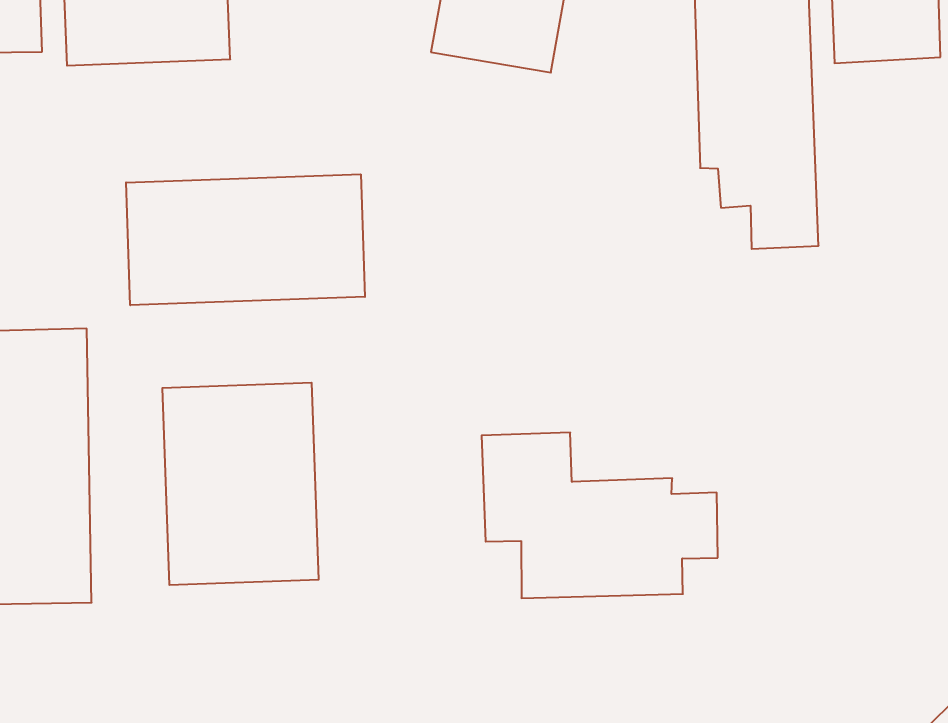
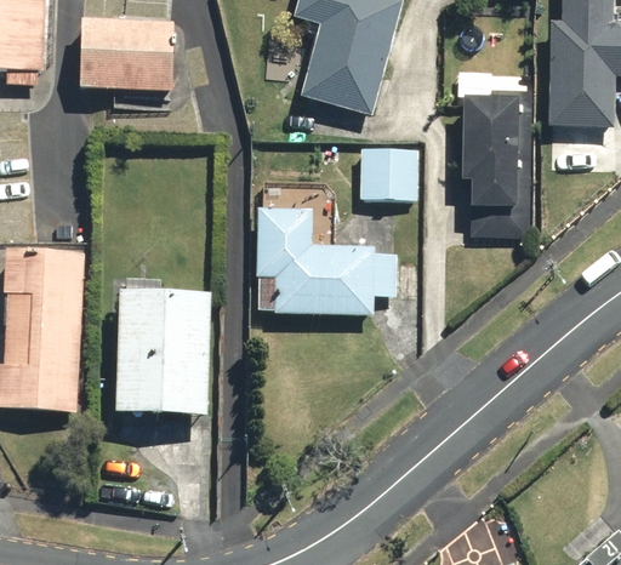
building: none -> [360,143,420,198]
building: [126,174,365,305] -> none
building: [482,433,718,598] -> [255,207,399,314]

